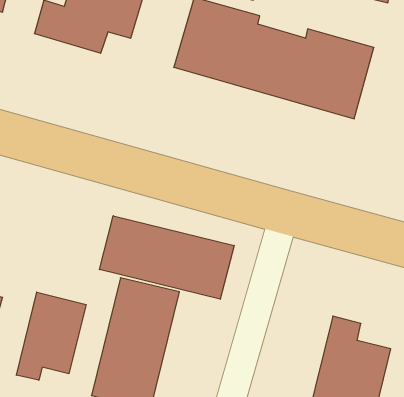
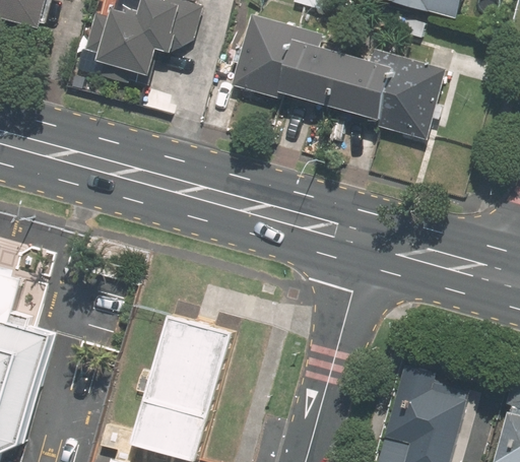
building: [99,216,234,299] -> none
building: [16,292,86,380] -> none

